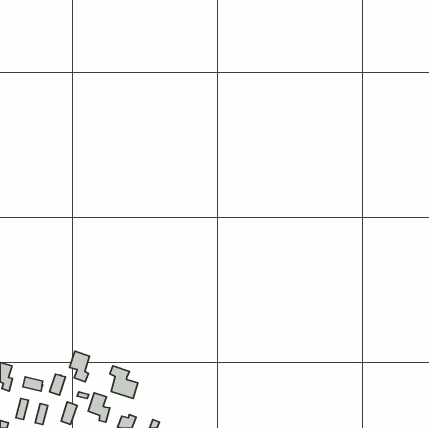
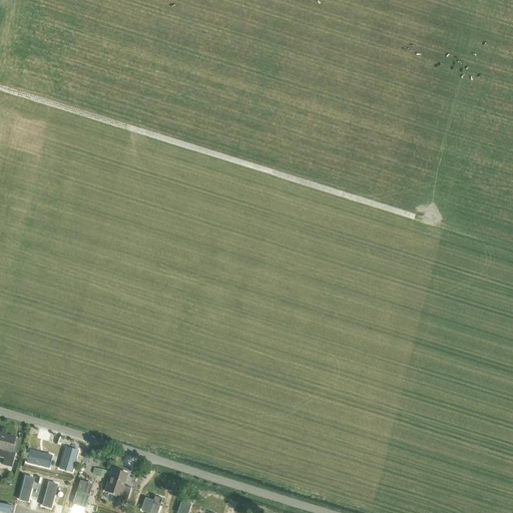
building: [69,351,90,382] -> none
building: [110,366,138,399] -> none

